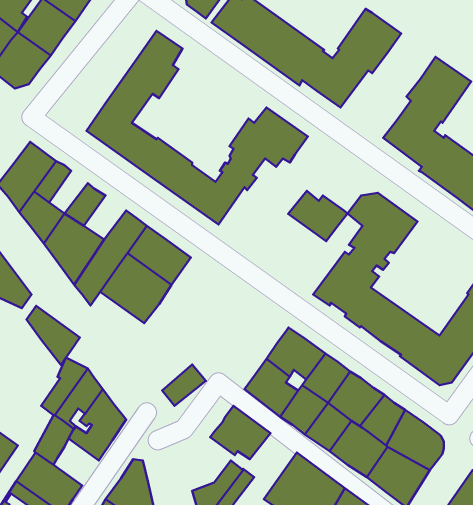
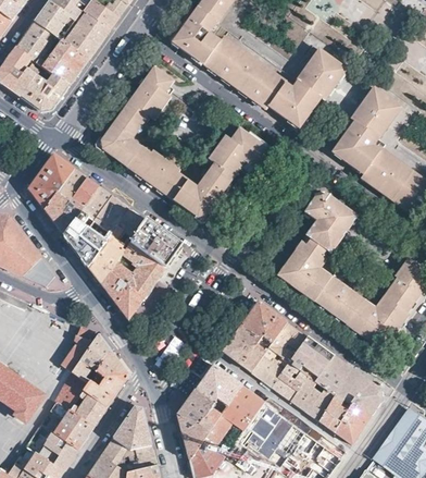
building: none -> [68,176,99,210]
building: [288,191,348,241] -> none
building: none -> [96,196,129,231]
building: [26,306,80,365] -> [101,272,143,319]
building: none -> [222,384,264,428]
building: none -> [177,388,215,430]
building: none -> [72,389,108,426]

